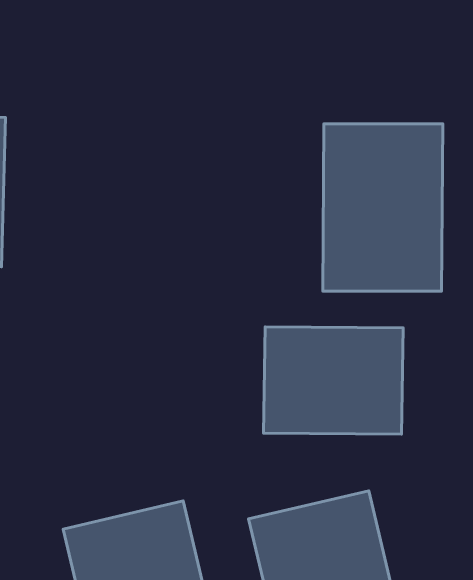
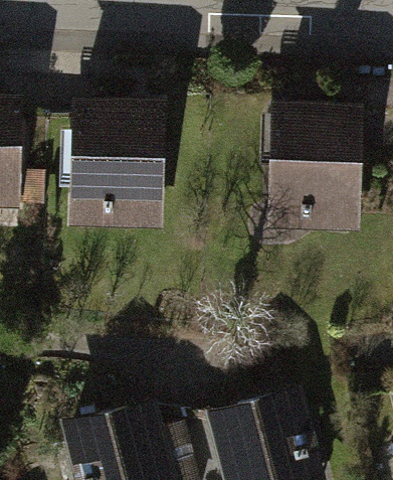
building: none -> [74,96,171,233]
building: [264,327,403,434] -> none

